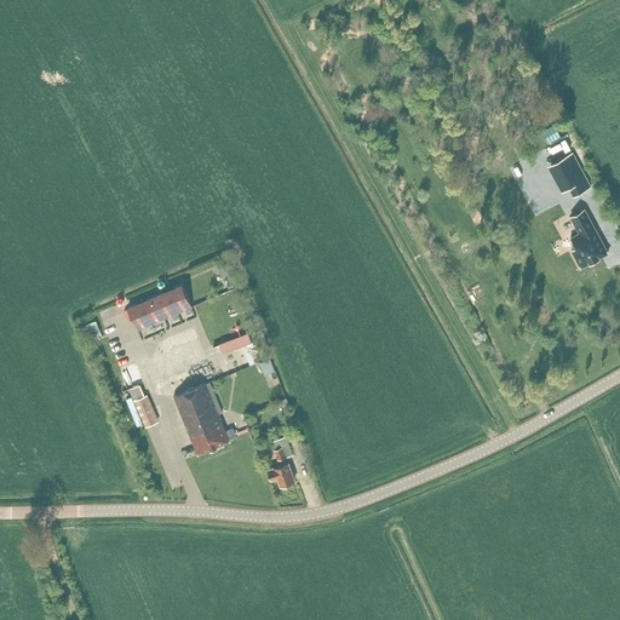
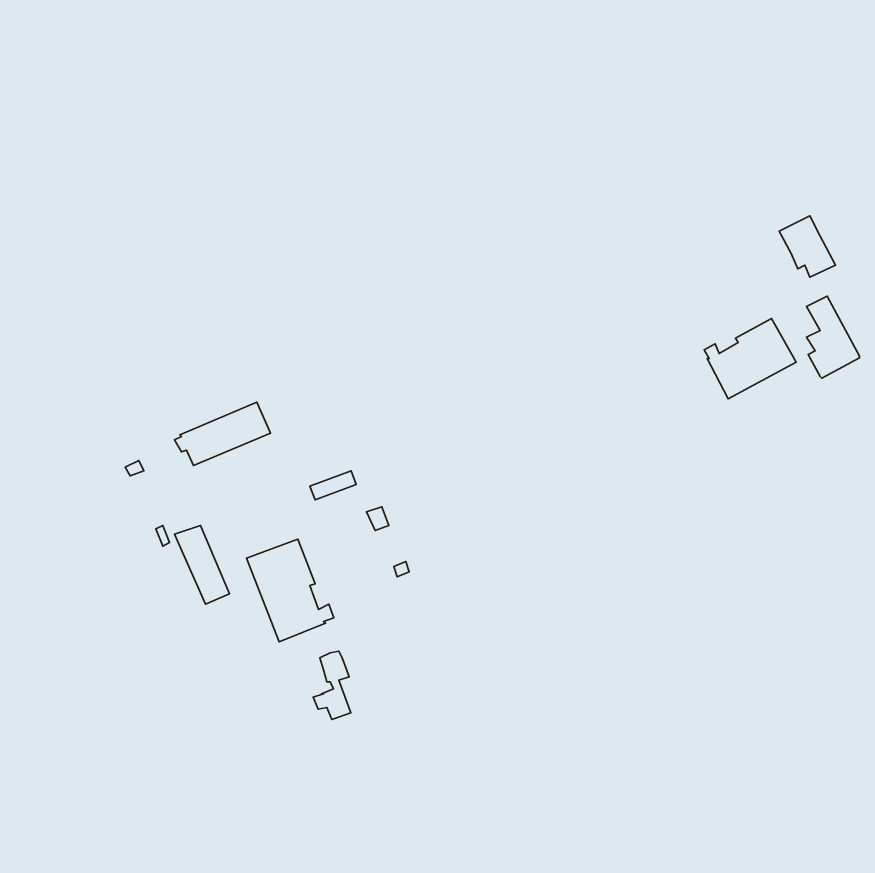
building: none -> [704,319,796,399]
building: [268,438,294,487] -> [313,651,351,720]

